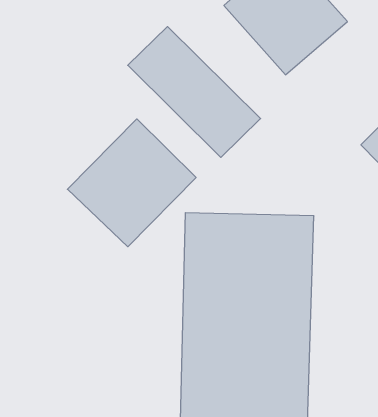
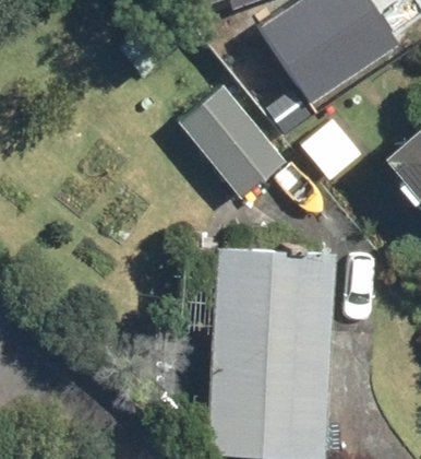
building: [67,119,196,247] -> none

